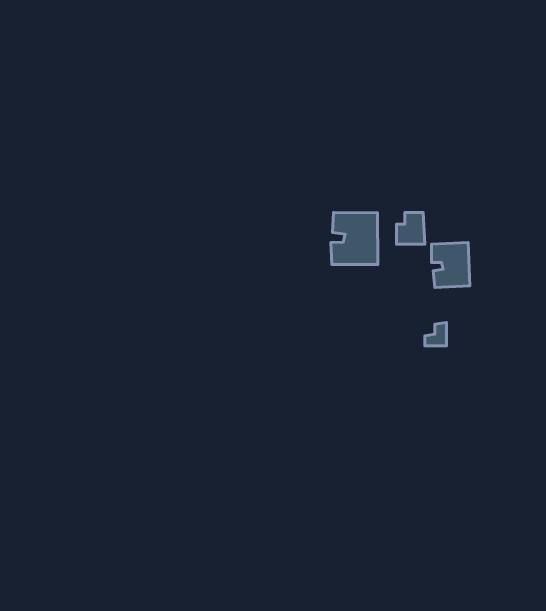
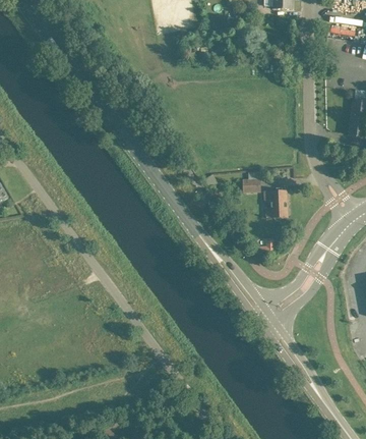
building: [331,213,378,265] -> none

